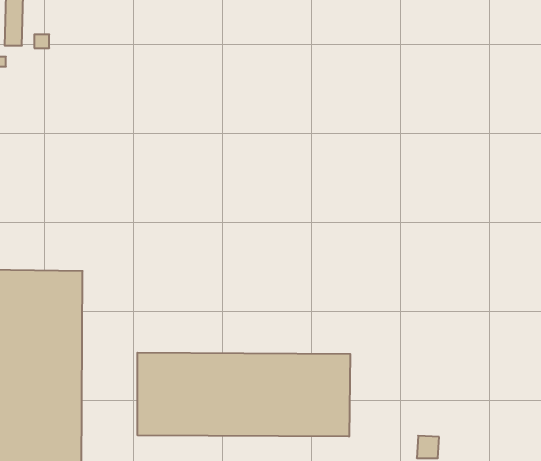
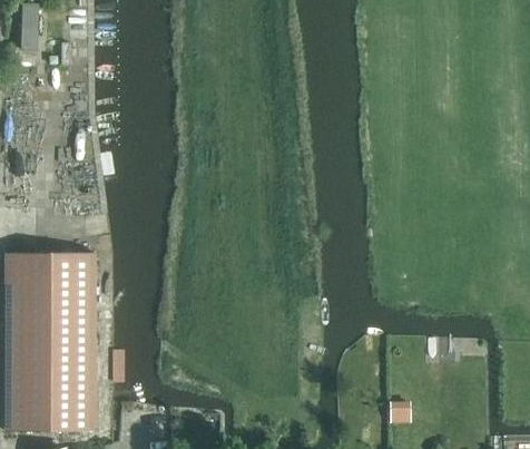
building: [137,353,350,437] -> none

